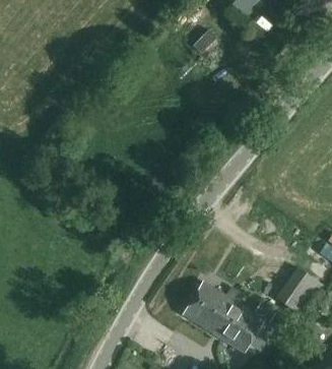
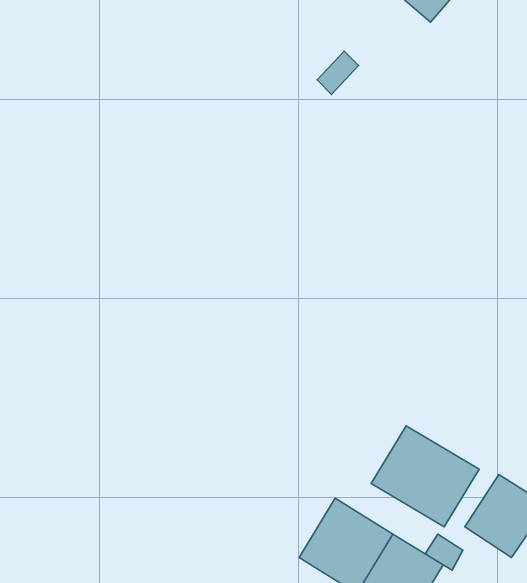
building: none -> [371,426,479,527]

